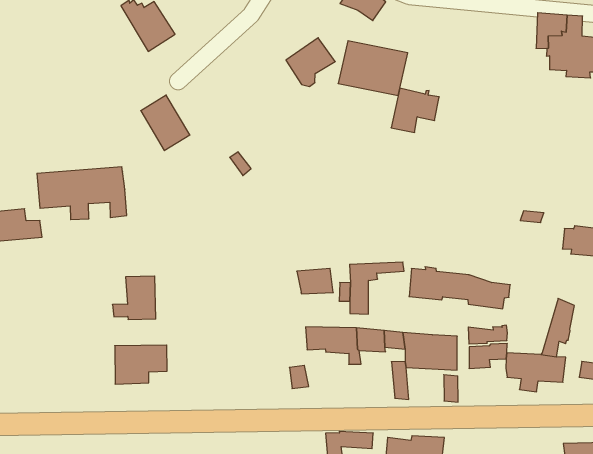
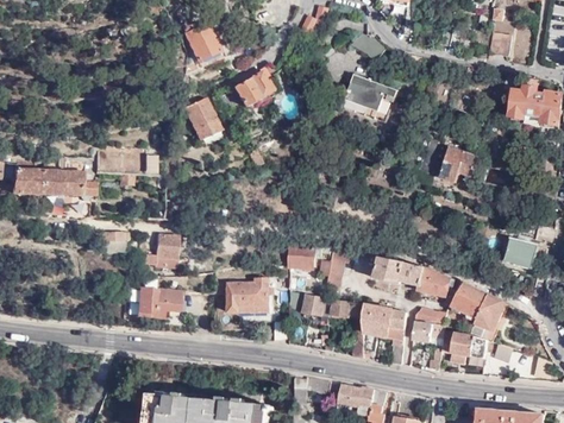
building: [286,38,335,86] -> [233,71,271,108]
building: [391,88,439,132] -> [438,147,478,183]
building: none -> [450,282,489,335]
building: none -> [227,279,271,312]

